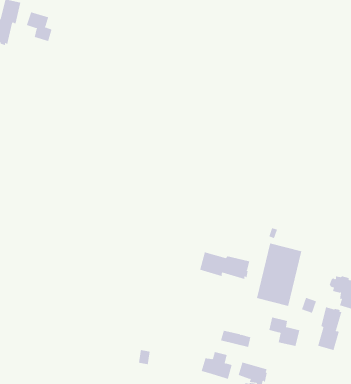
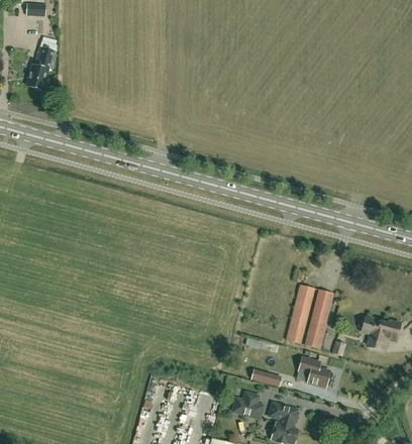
building: [26,12,52,42] -> none
building: [199,251,250,280] -> none
building: [317,307,342,351] -> none

